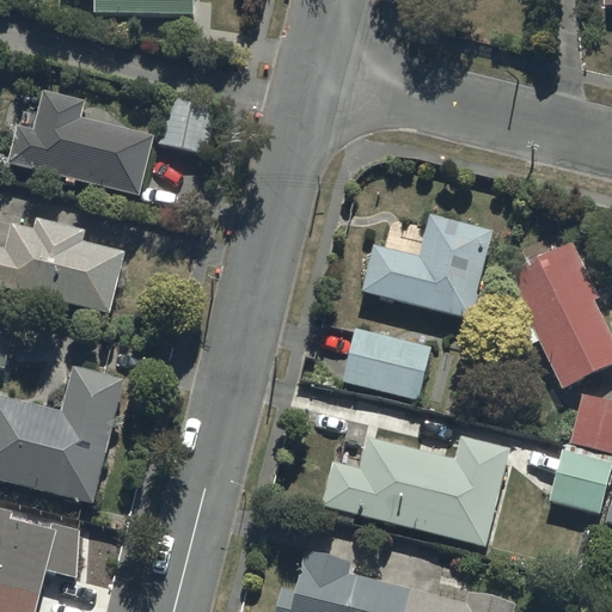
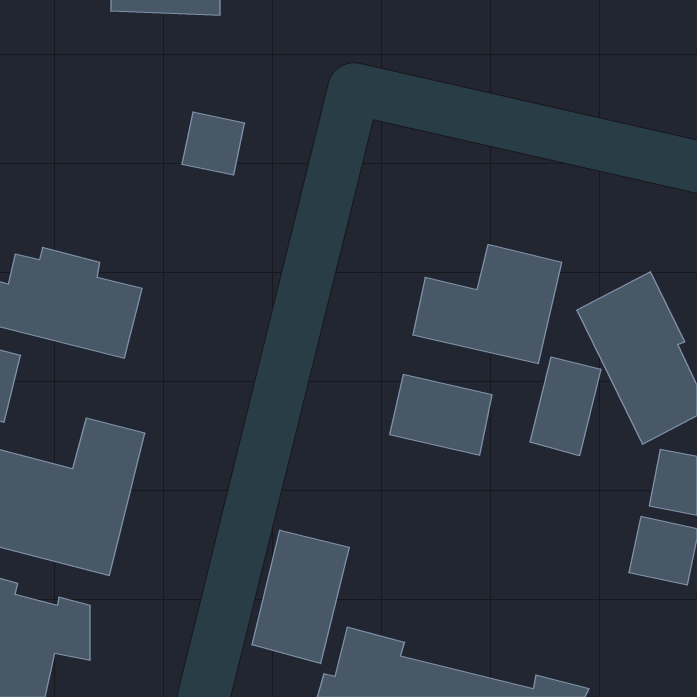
building: [7,88,155,197] -> none
building: none -> [530,357,601,456]
building: [319,435,508,545] -> none
building: none -> [252,530,349,664]

